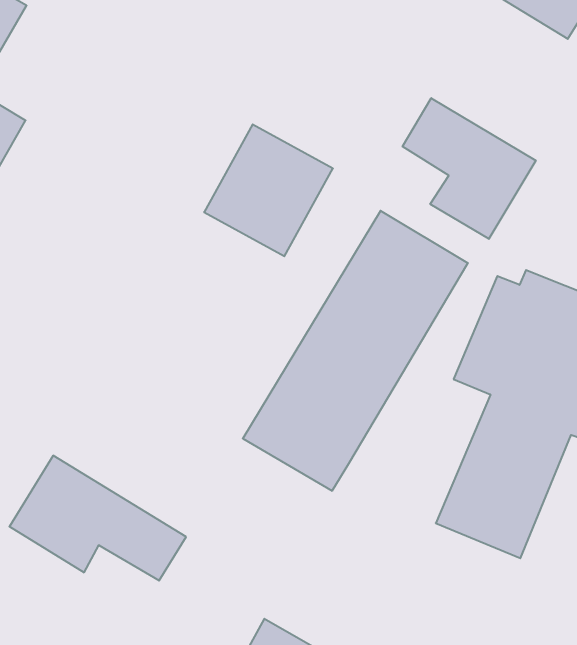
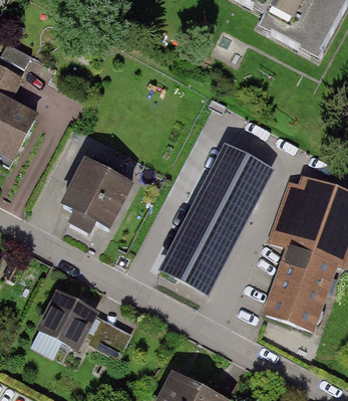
building: [403,98,536,239] -> none
building: [204,124,333,256] -> [61,159,128,228]

